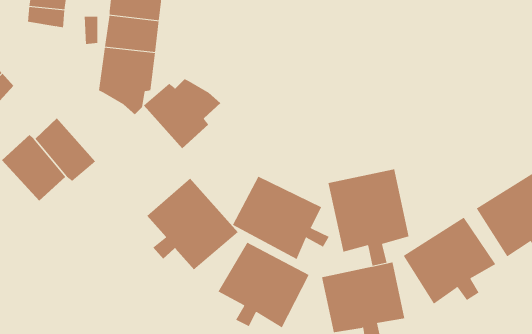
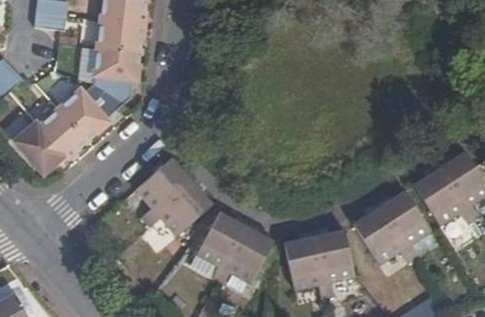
building: [143,78,221,149] -> [58,83,124,143]
building: [328,169,409,266] -> none
building: [232,176,329,260] -> none

